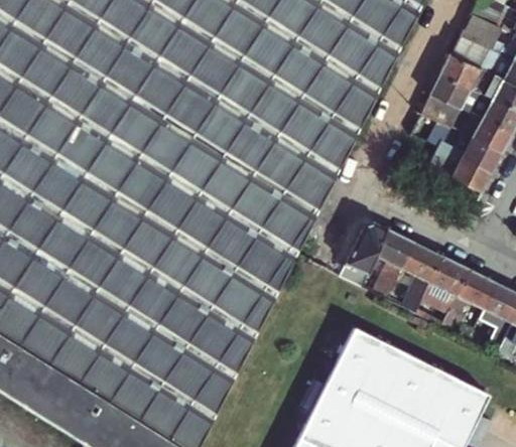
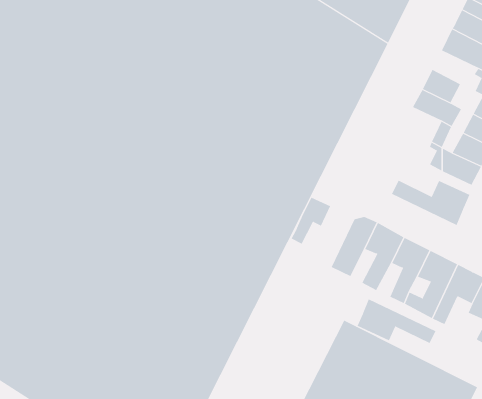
building: [441,53,488,88] -> none
building: none -> [391,180,470,226]
building: none -> [291,197,331,244]
building: none -> [357,299,436,344]

